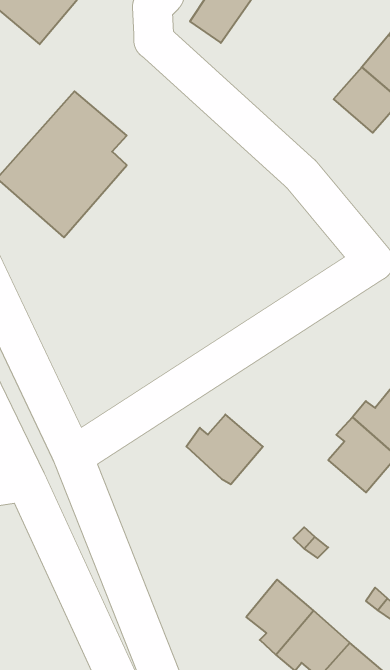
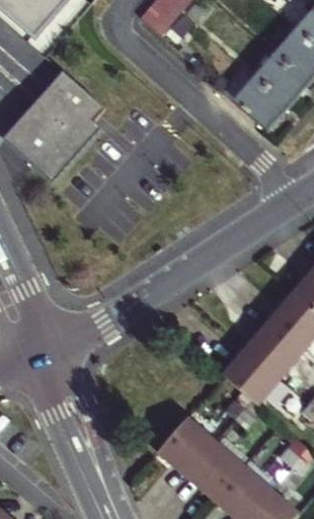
building: none -> [235,77,286,127]
building: [186,414,263,484] -> [223,350,281,402]
building: none -> [157,416,214,468]

